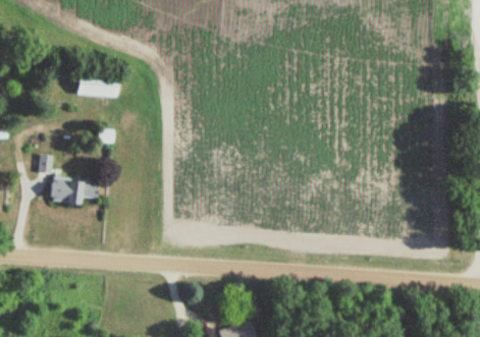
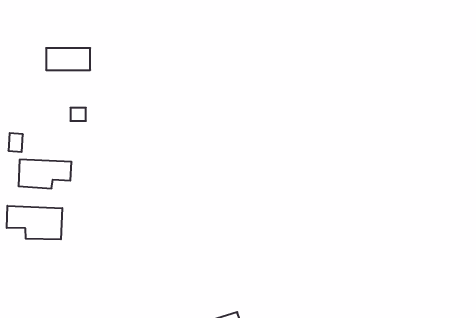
building: none -> [7,206,62,239]

